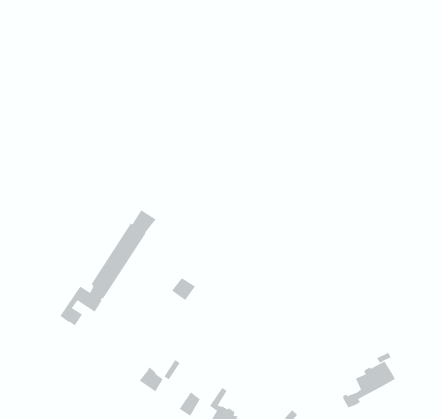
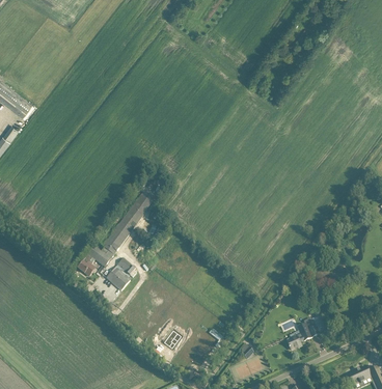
building: none -> [106,258,135,288]

